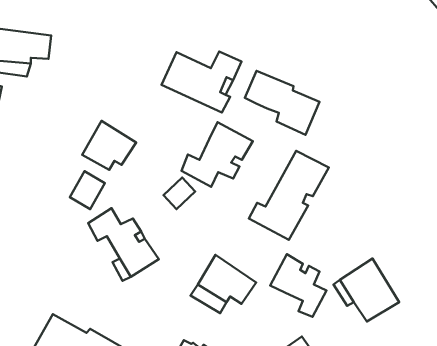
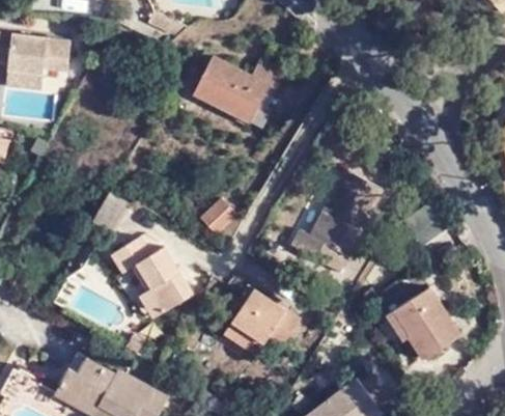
building: [245,71,320,135] -> none
building: [82,121,136,170] -> none
building: [182,122,253,187] -> none
building: [270,254,327,317] -> none

